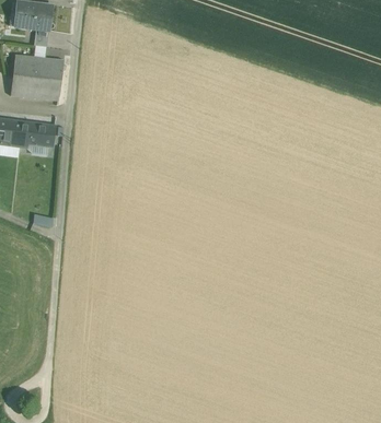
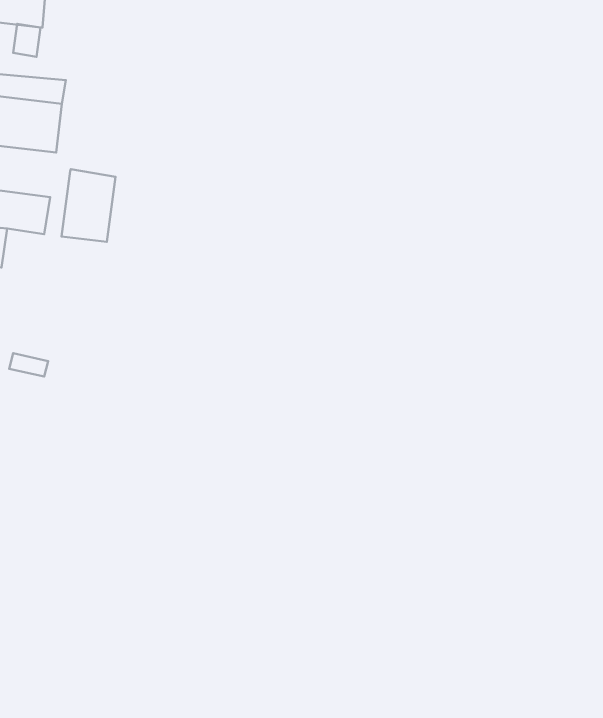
building: none -> [62,169,116,242]

